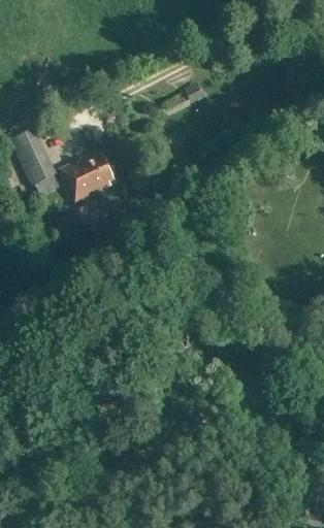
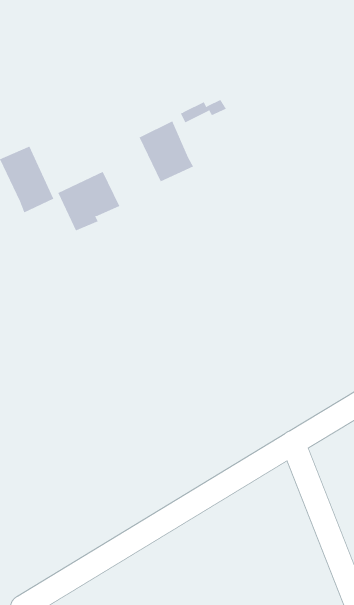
building: none -> [139,120,194,182]

